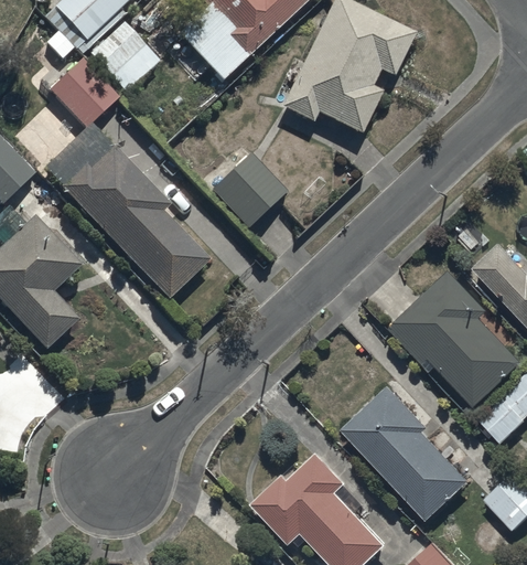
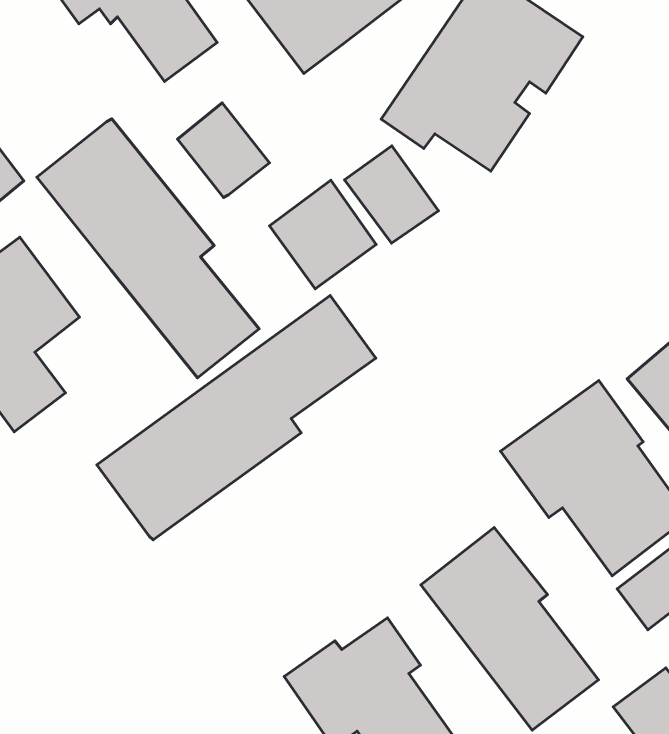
building: [52,60,118,126] -> [177,103,270,197]
building: none -> [345,146,438,243]
building: none -> [97,296,376,540]

